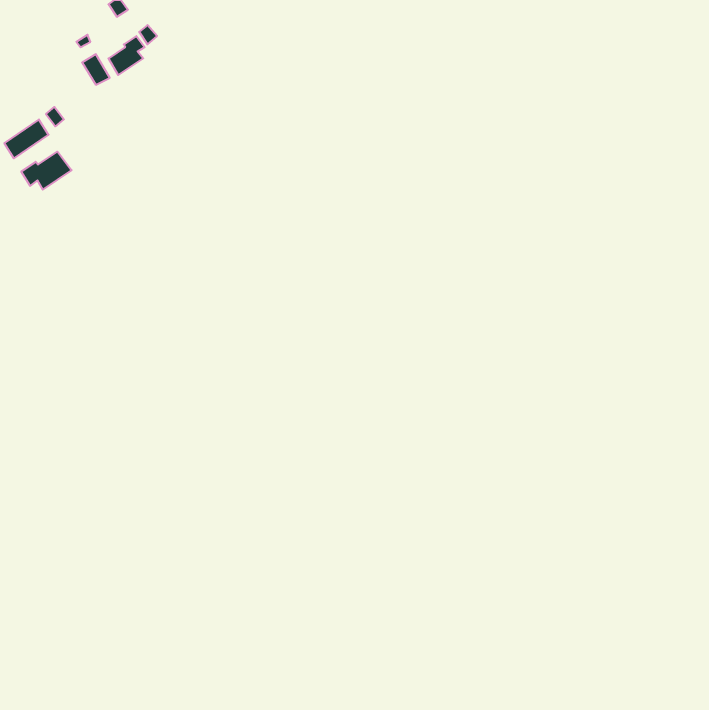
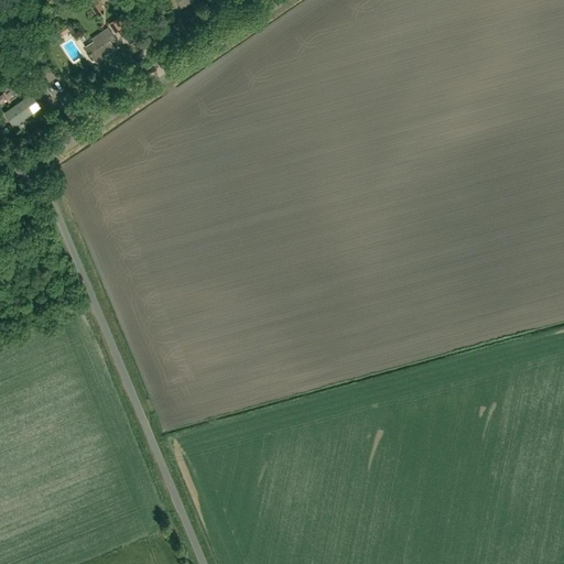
building: [21,152,72,190] -> none

